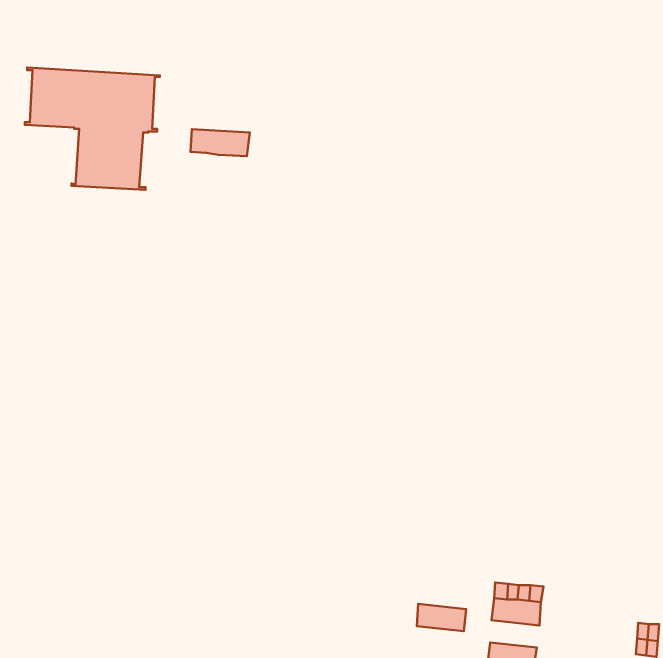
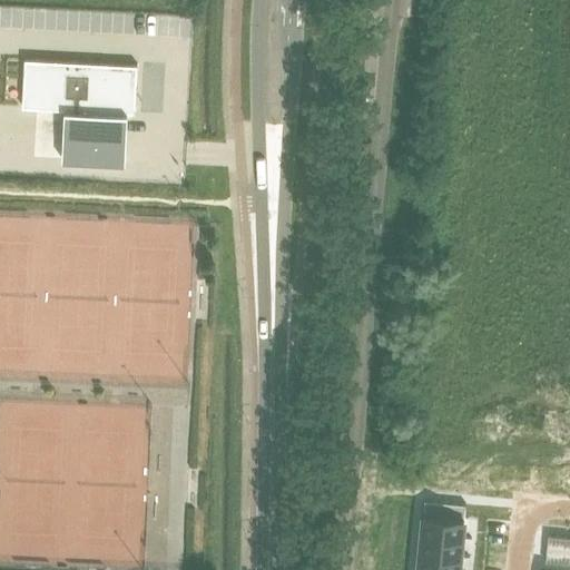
building: [191,129,250,156] -> none
building: [417,604,466,631] -> [420,537,462,560]

